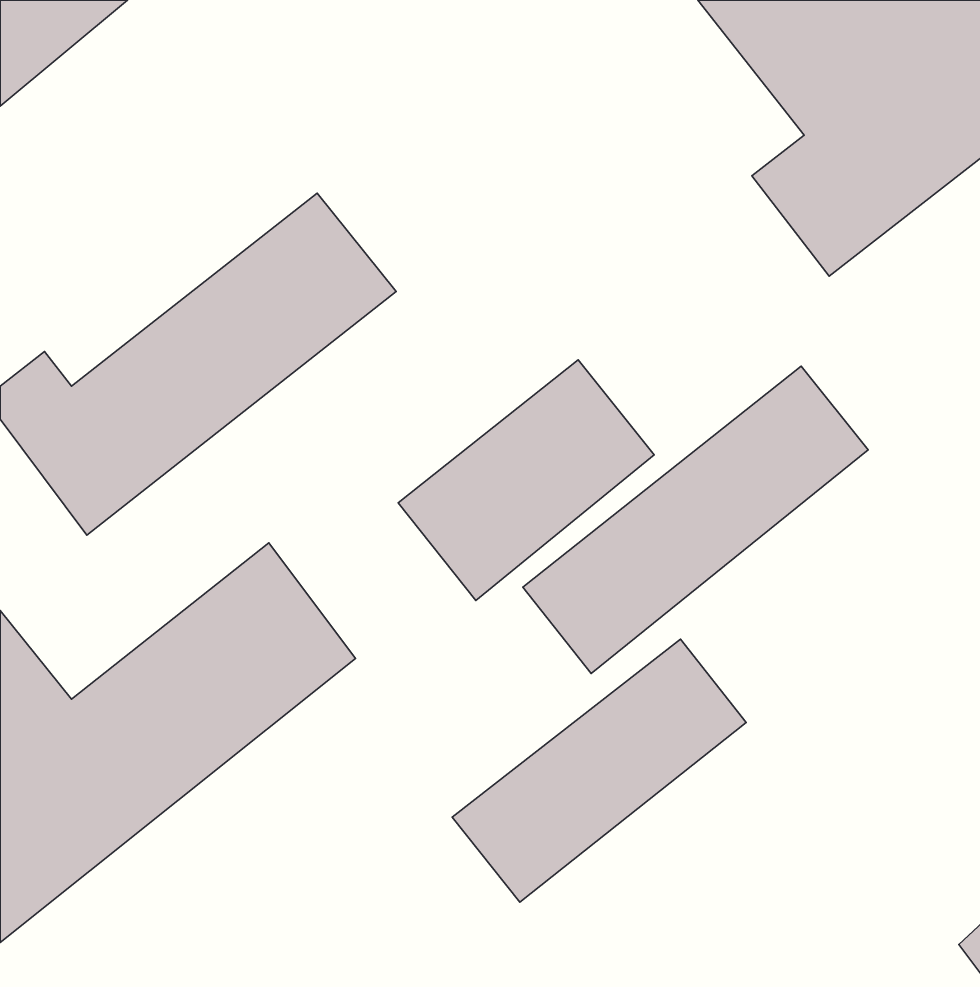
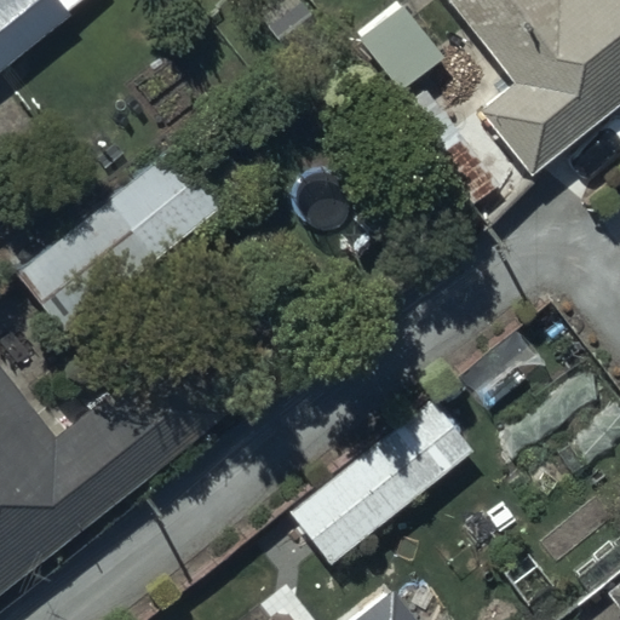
building: [398,360,654,601] -> none
building: [523,366,868,674] -> none

